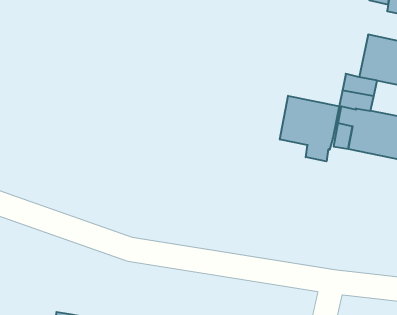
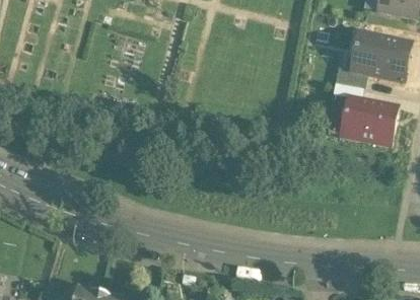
building: [280,96,339,161] -> none

